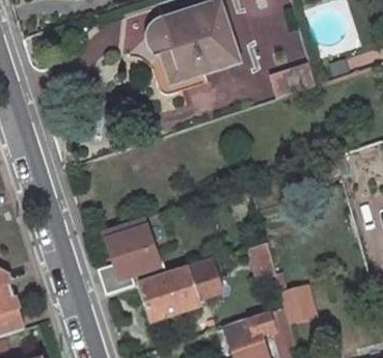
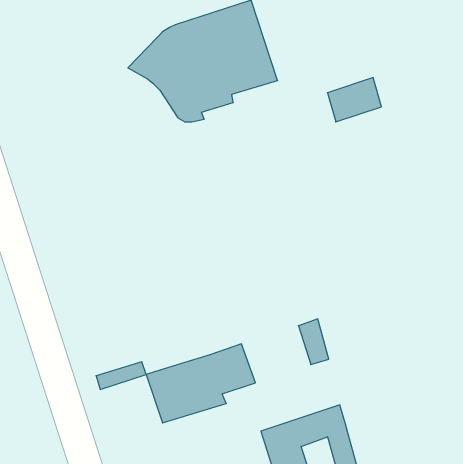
building: [103,217,152,264] -> none
building: [279,284,313,321] -> none

